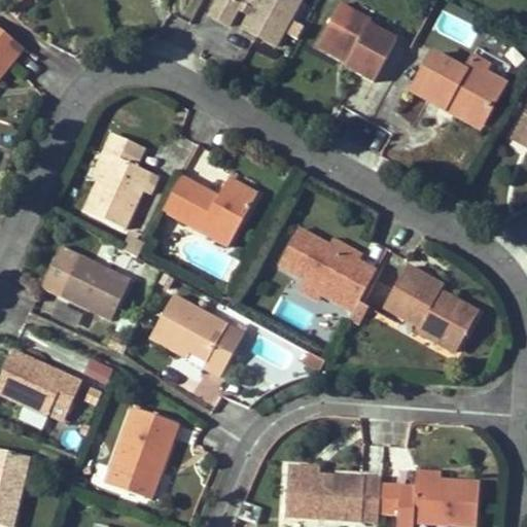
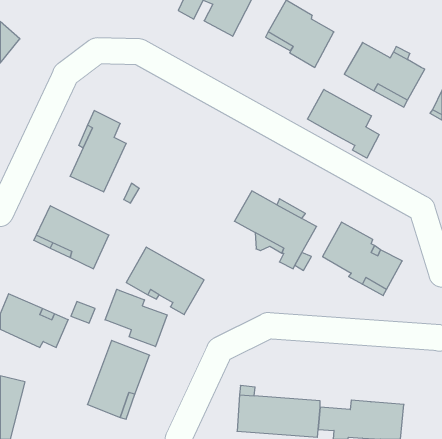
building: none -> [307,89,379,158]
building: [162,173,258,246] -> none
building: none -> [105,289,167,347]

